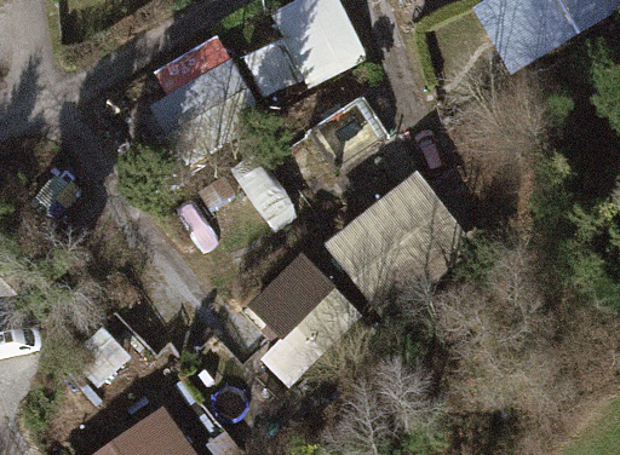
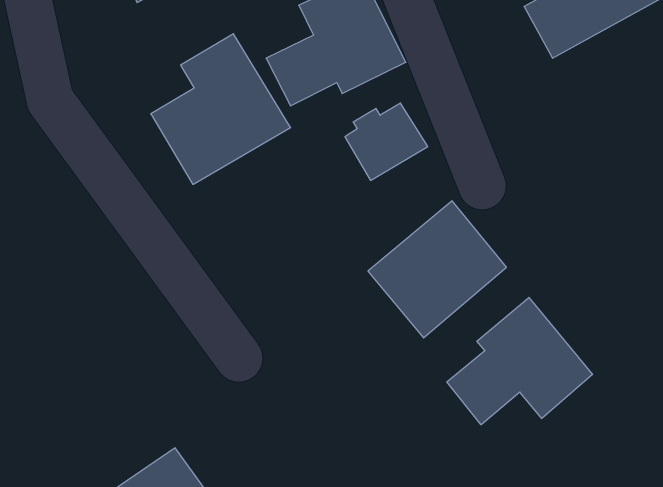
building: [252,264,366,396] -> none
building: none -> [447,297,593,425]

